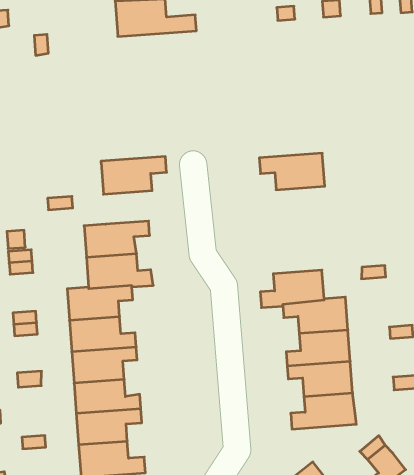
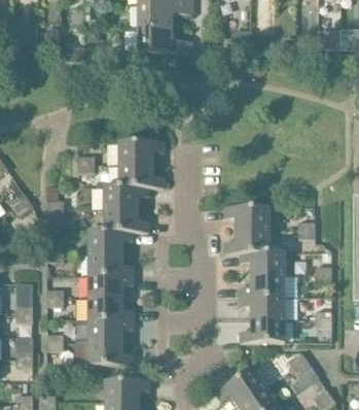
building: [259,153,325,190] -> [224,206,270,230]
building: none -> [117,164,164,187]

